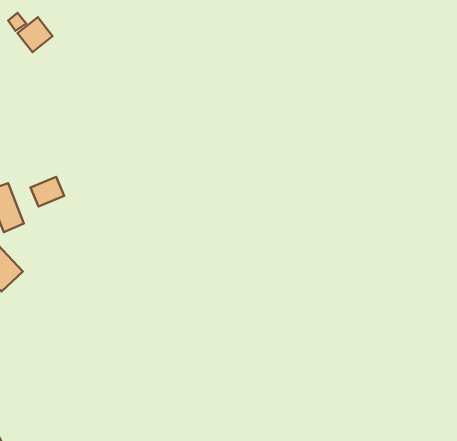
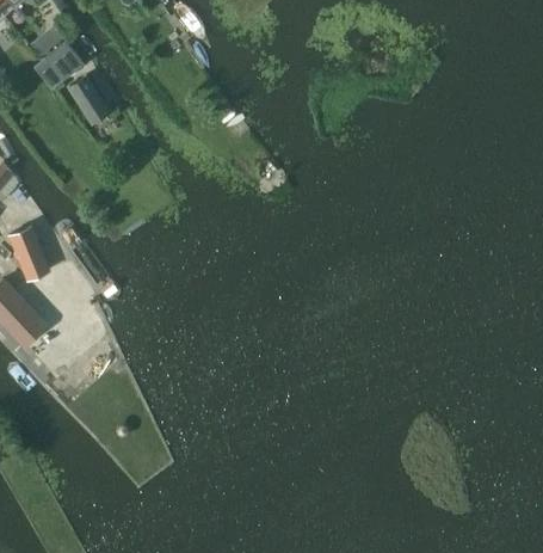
building: none -> [67,76,109,125]
building: [31,177,64,206] -> none

